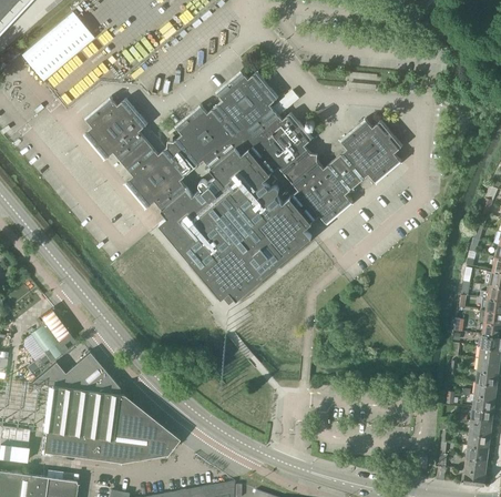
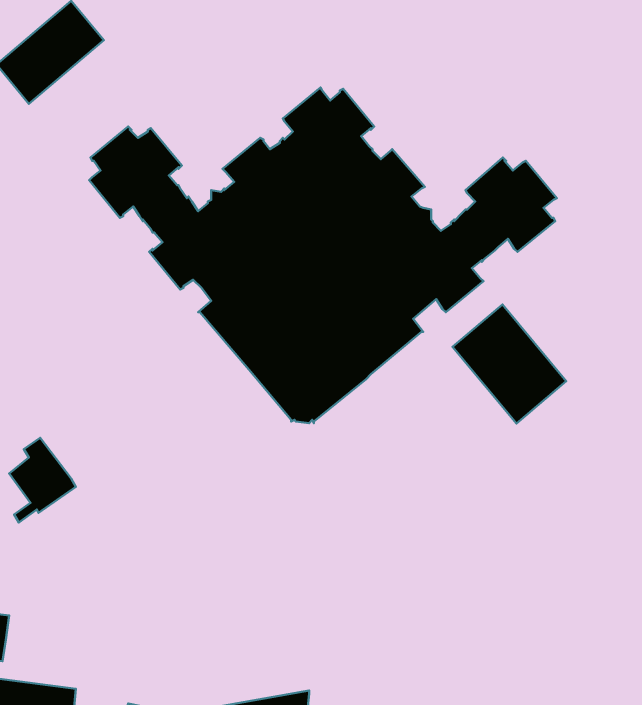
building: none -> [452,305,566,423]
building: [31,353,178,462] -> none

